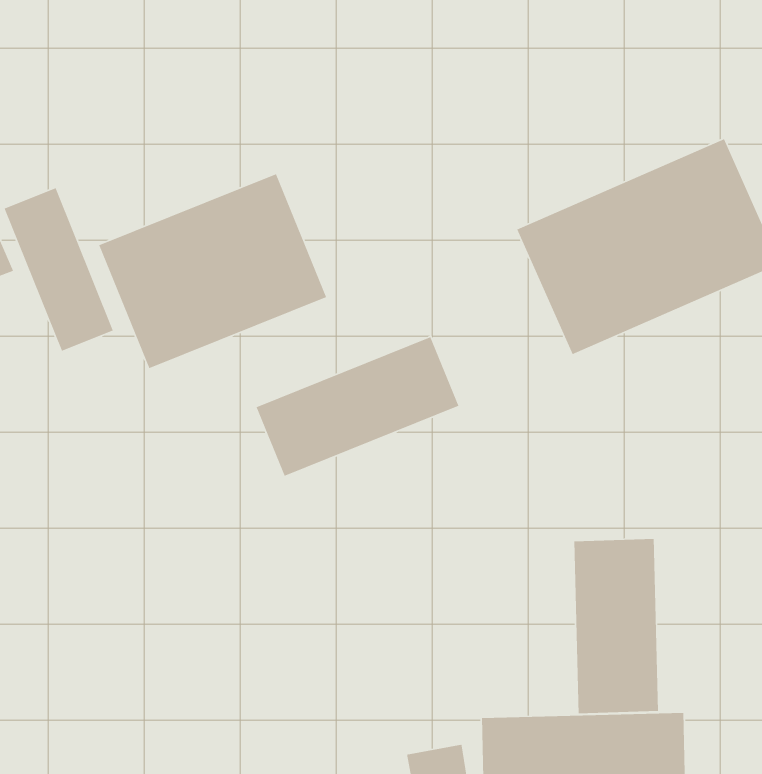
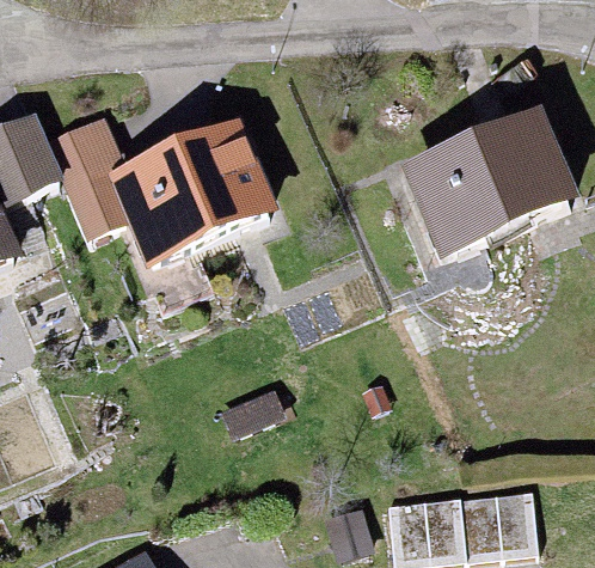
building: [255,336,460,477] -> none
building: [573,538,659,714] -> none

